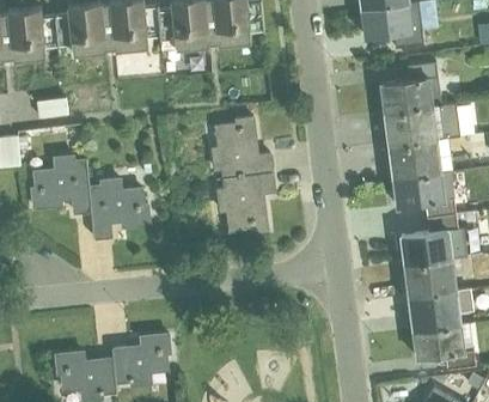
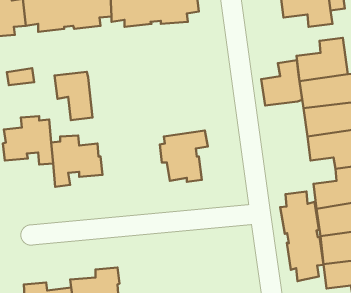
building: none -> [261,60,302,106]
building: none -> [54,72,92,120]
building: [210,116,271,178] -> none
building: none -> [280,192,324,281]

